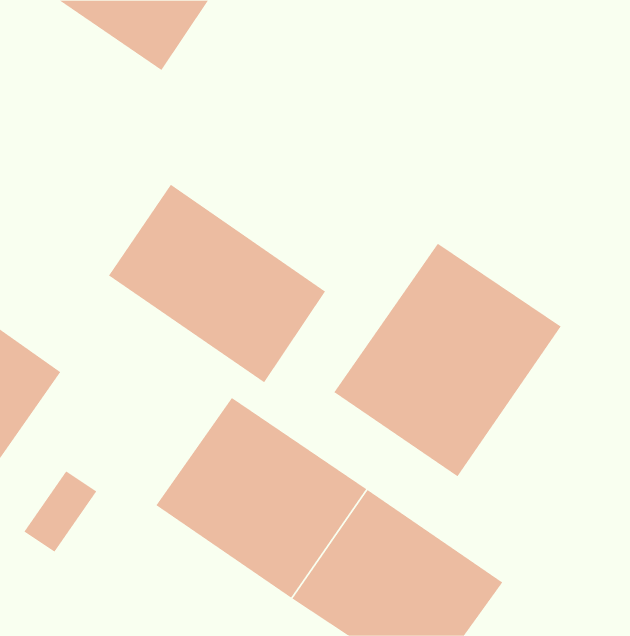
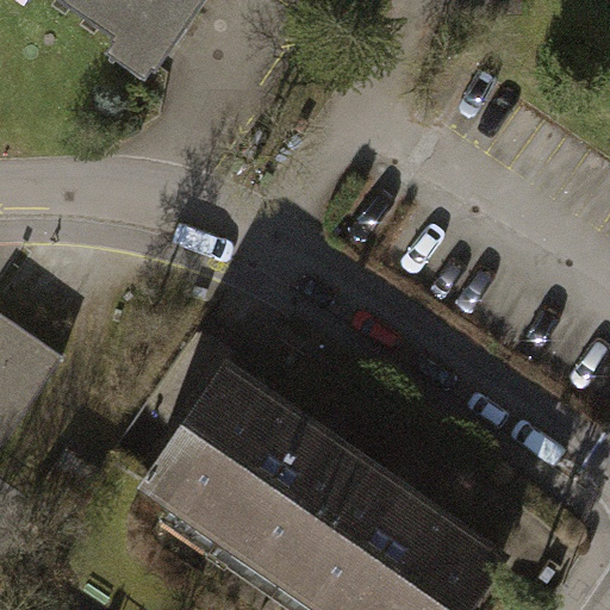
building: [108,184,326,383] -> none
building: [334,243,561,477] -> none

